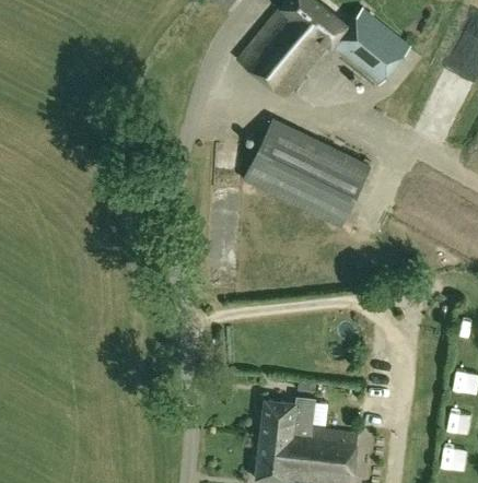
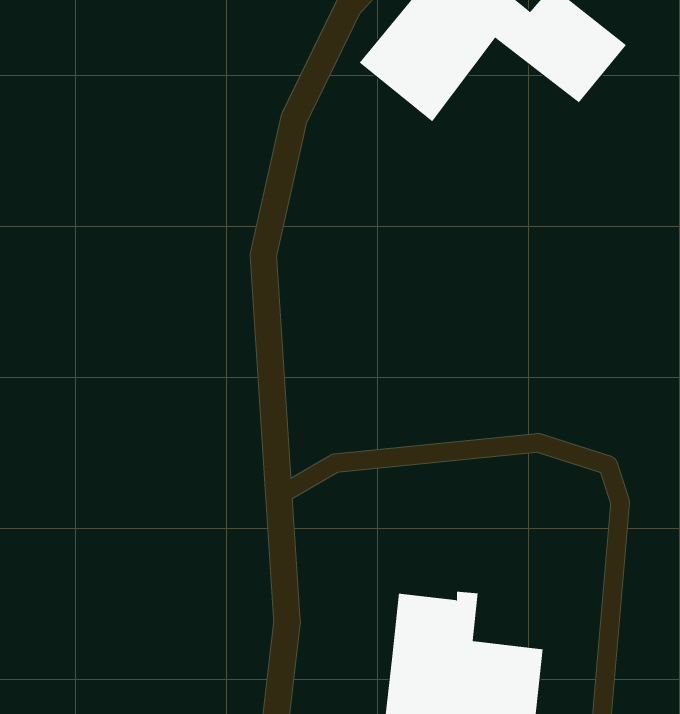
building: [244,120,370,227] -> none

